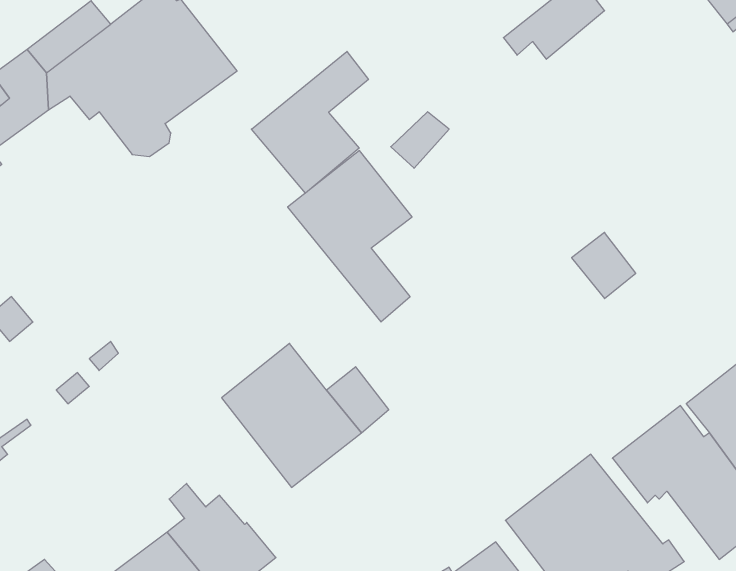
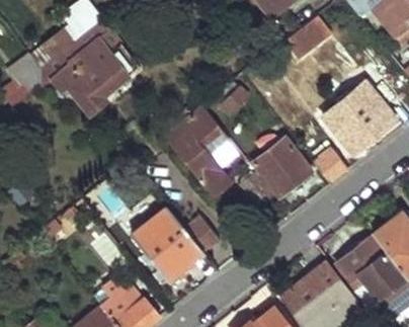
building: [251,51,368,193] -> none
building: none -> [323,81,395,153]
building: none -> [253,135,312,193]

